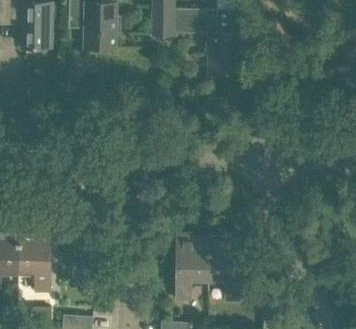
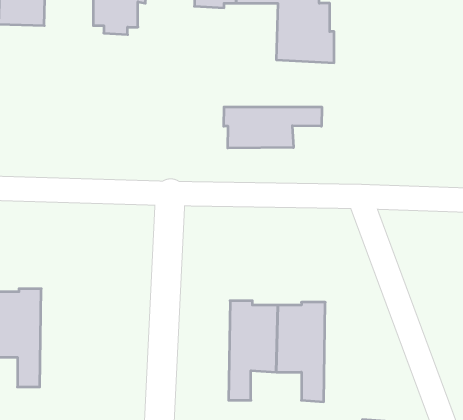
building: none -> [224,107,322,148]

